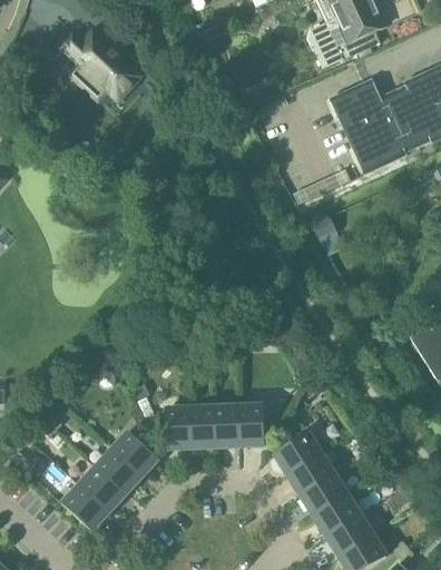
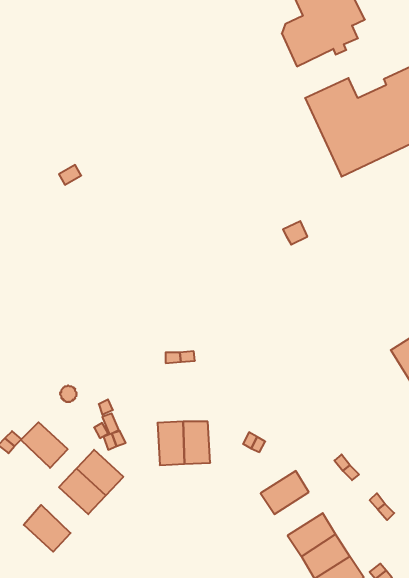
building: [62,32,139,100] -> none
building: [238,404,265,444] -> none
building: [166,406,193,448] -> none
building: [275,432,322,473] -> none
building: [80,468,125,511] -> [21,422,68,468]
building: [302,472,347,513] -> none

